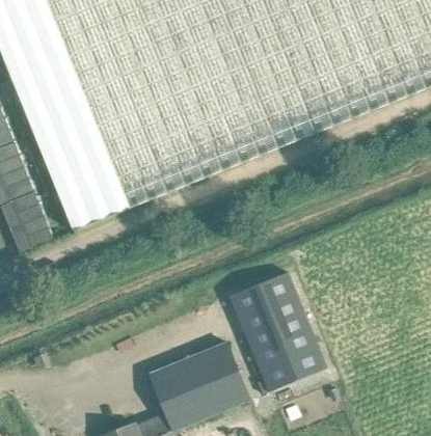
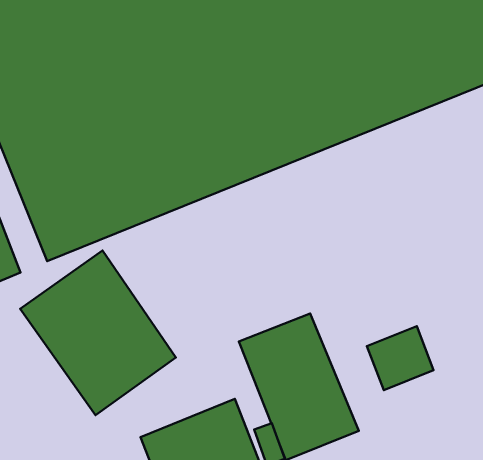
building: none -> [20,251,176,415]
building: none -> [367,326,434,390]

